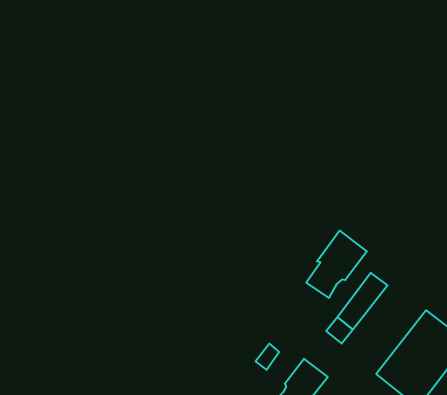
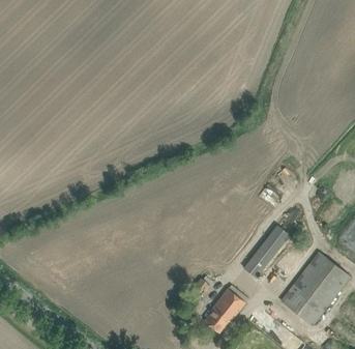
building: [306,231,367,298] -> none

